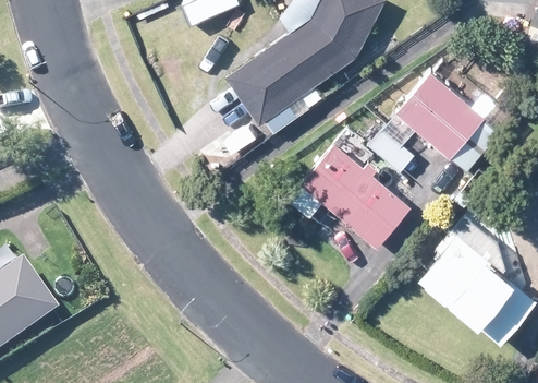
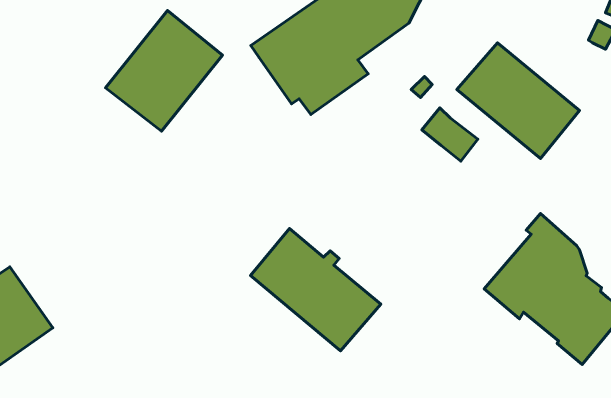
building: none -> [106,11,223,131]
building: [302,144,411,247] -> [251,229,381,351]

